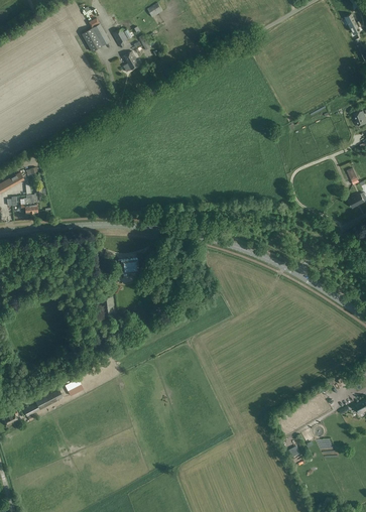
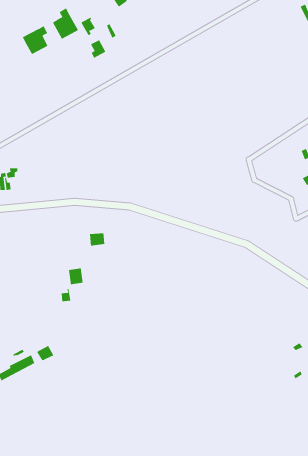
building: none -> [22,25,48,55]

